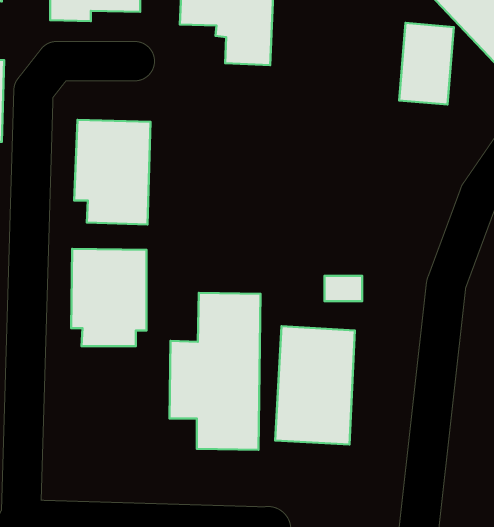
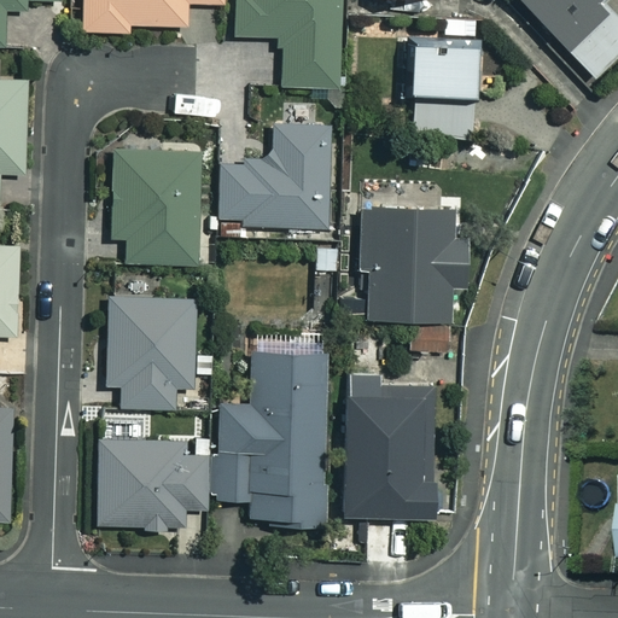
building: [399,23,454,105] -> [412,45,474,139]
building: none -> [221,121,330,228]
building: none -> [357,206,467,321]
building: none -> [100,418,203,527]

